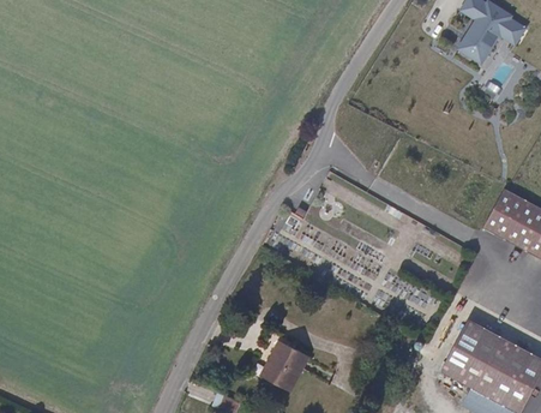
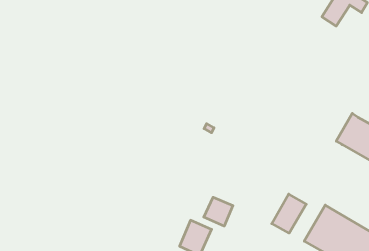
building: none -> [272,194,306,233]
building: none -> [204,197,233,226]

